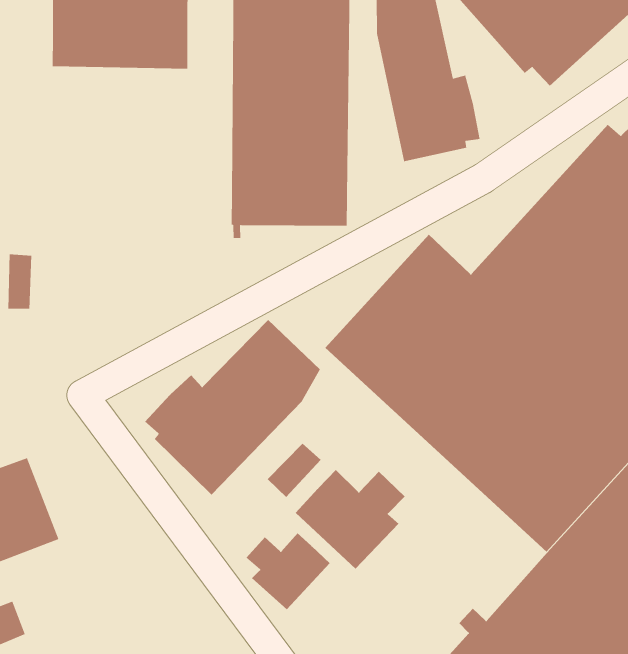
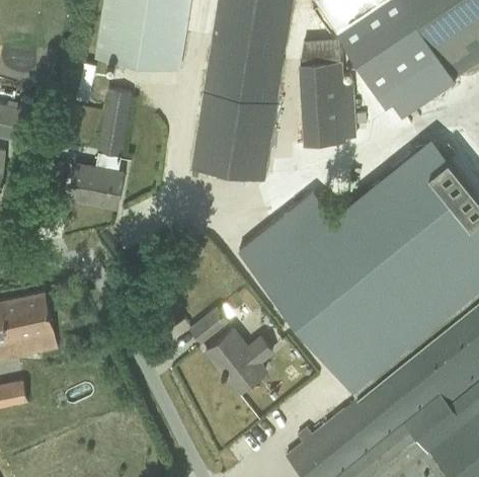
building: none -> [69,88,131,208]
building: [144,319,321,496] -> none
building: [246,532,331,610] -> none

